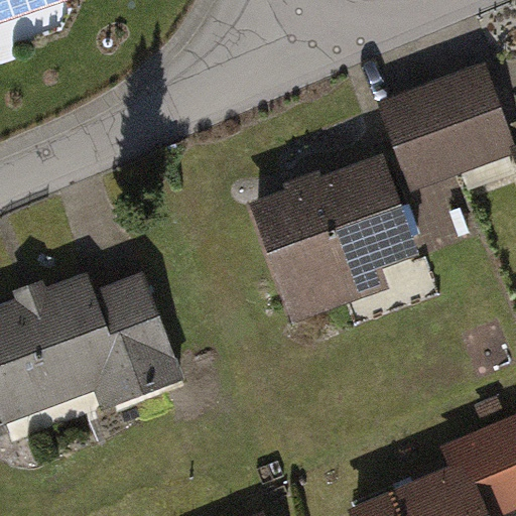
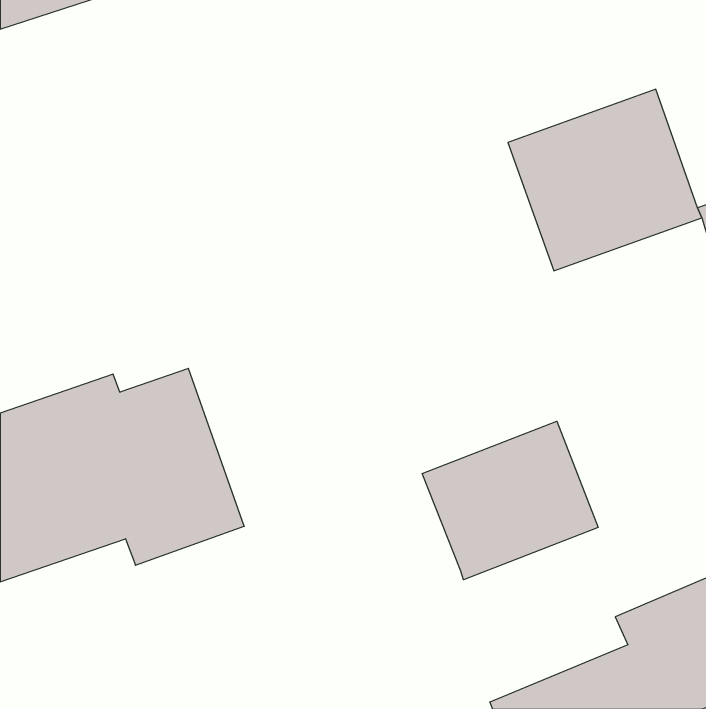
building: [247,157,426,322] -> none
building: none -> [422,421,598,580]

